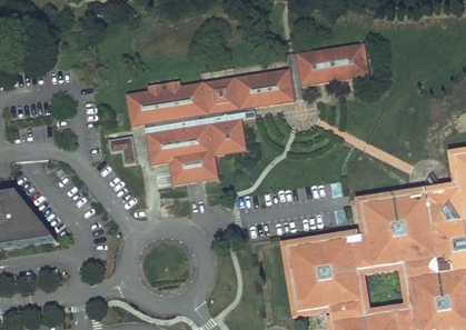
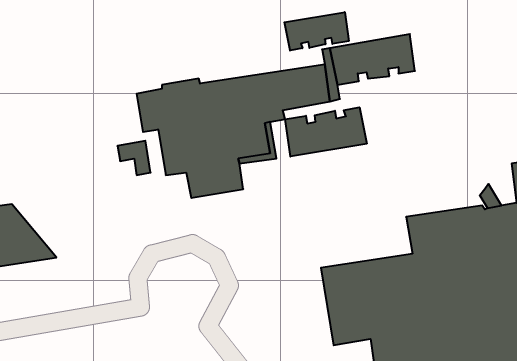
building: none -> [284,12,349,51]
building: none -> [285,107,367,157]

